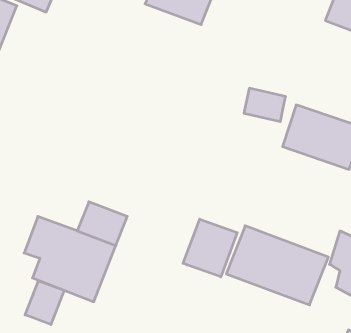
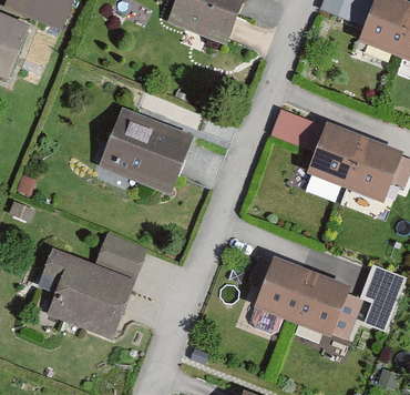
building: none -> [104,107,193,189]
building: [183,219,237,277] -> none
building: [25,281,64,325] -> none

